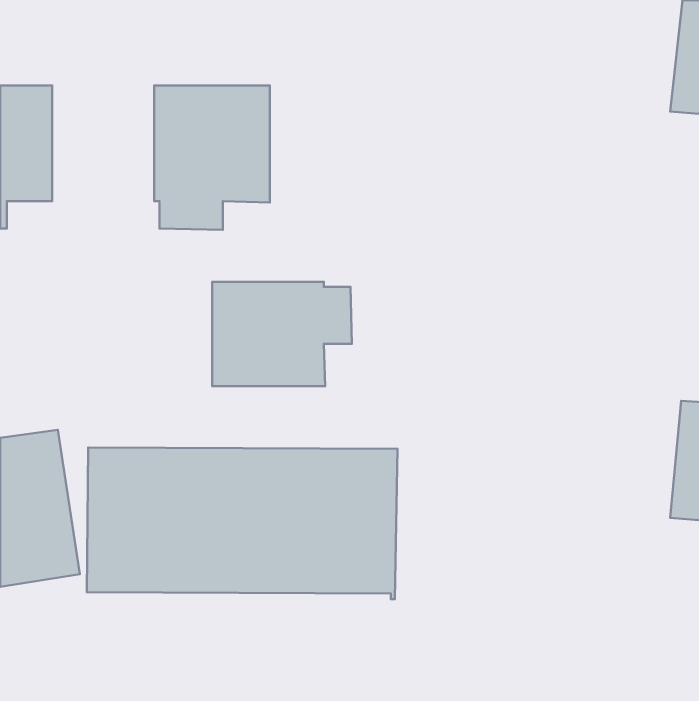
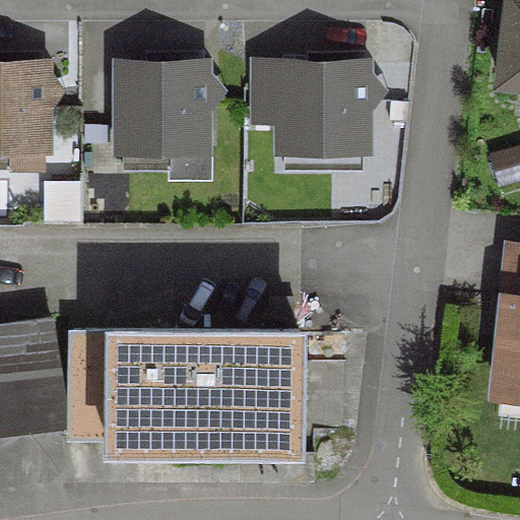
building: none -> [249,65,364,171]
building: [212,282,352,386] -> none

